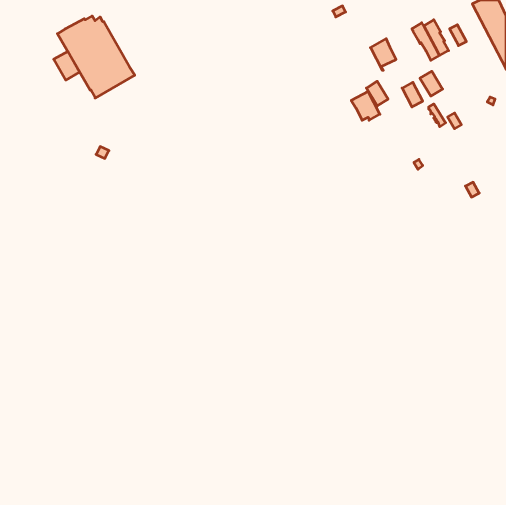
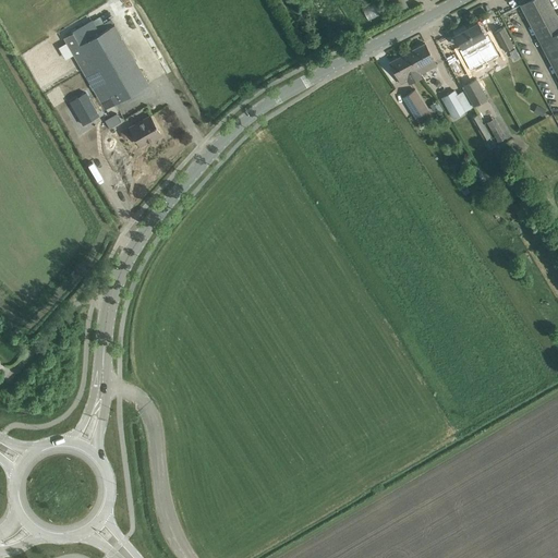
building: [54,51,80,80] -> [70,93,98,124]
building: [351,92,380,120] -> [389,53,421,85]
building: none -> [130,117,161,146]

